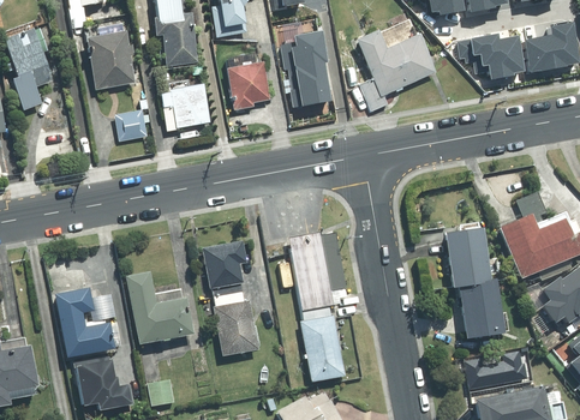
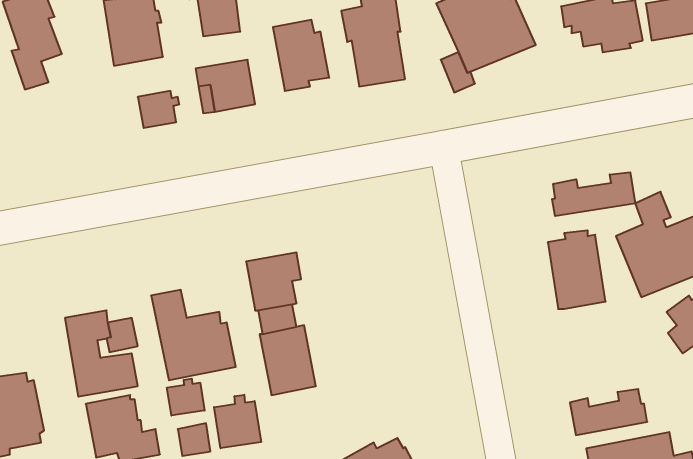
building: none -> [552,172,635,216]
building: [289,233,346,383] -> none
building: [459,281,508,340] -> none
building: none -> [167,379,205,416]
building: none -> [214,395,261,448]

